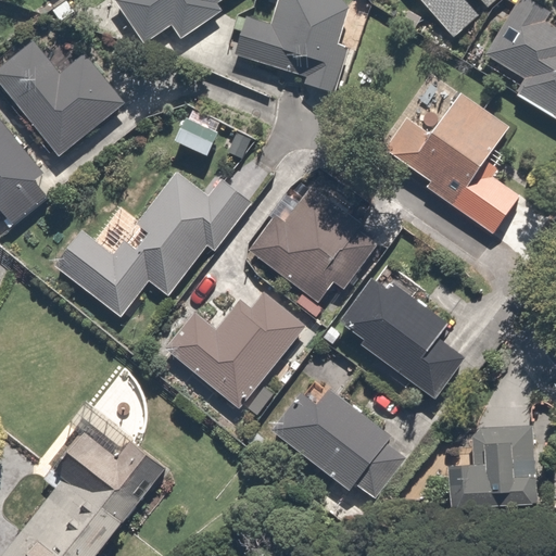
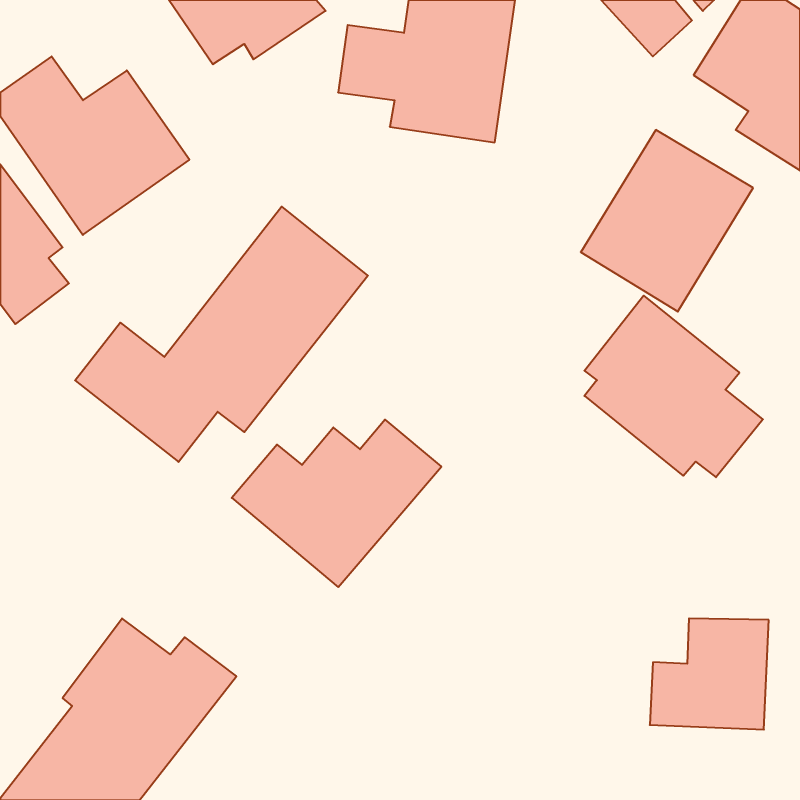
building: [249,182,381,306] -> none
building: [337,267,460,393] -> [584,296,763,477]
building: [271,384,407,494] -> none

